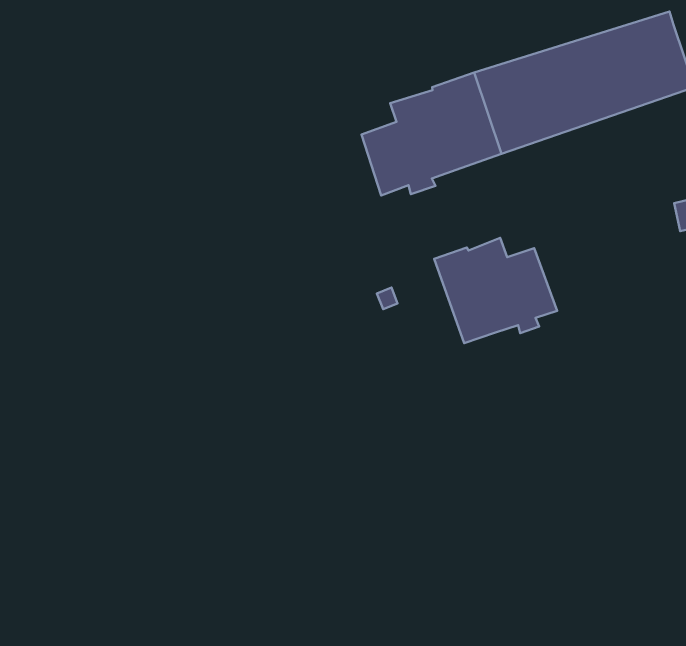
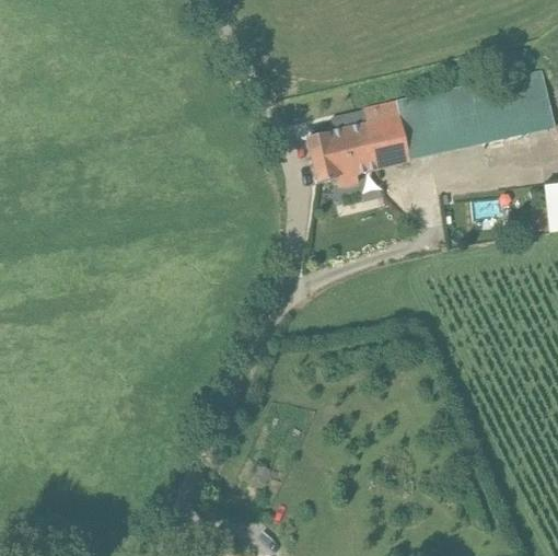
building: [434,238,557,343] -> none

